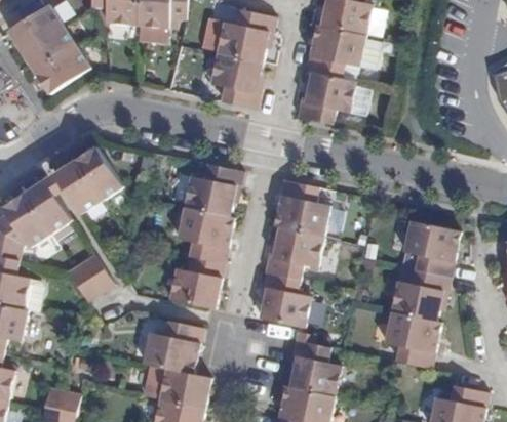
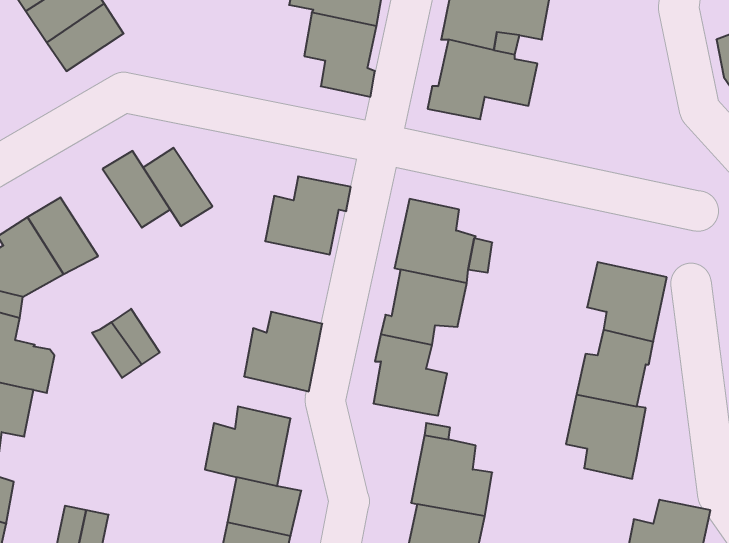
building: [53,159,101,212] -> [143,148,212,226]
building: [179,208,234,264] -> none

